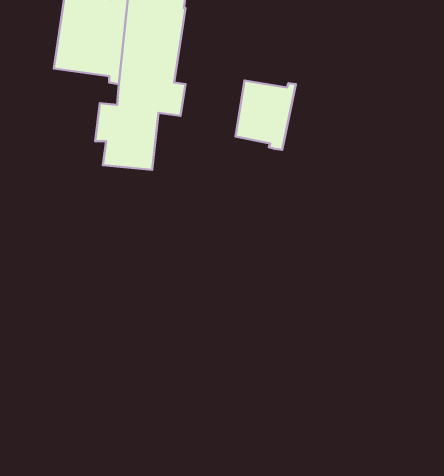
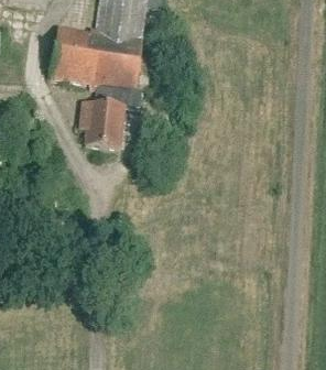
building: [235,80,296,150] -> none

